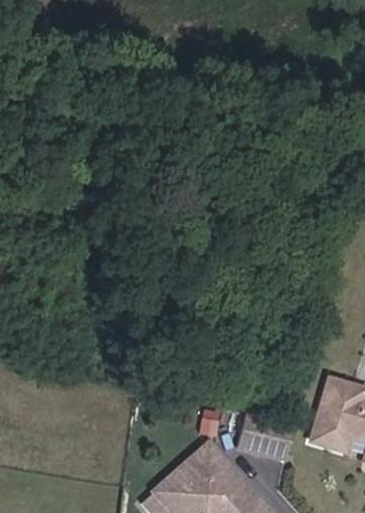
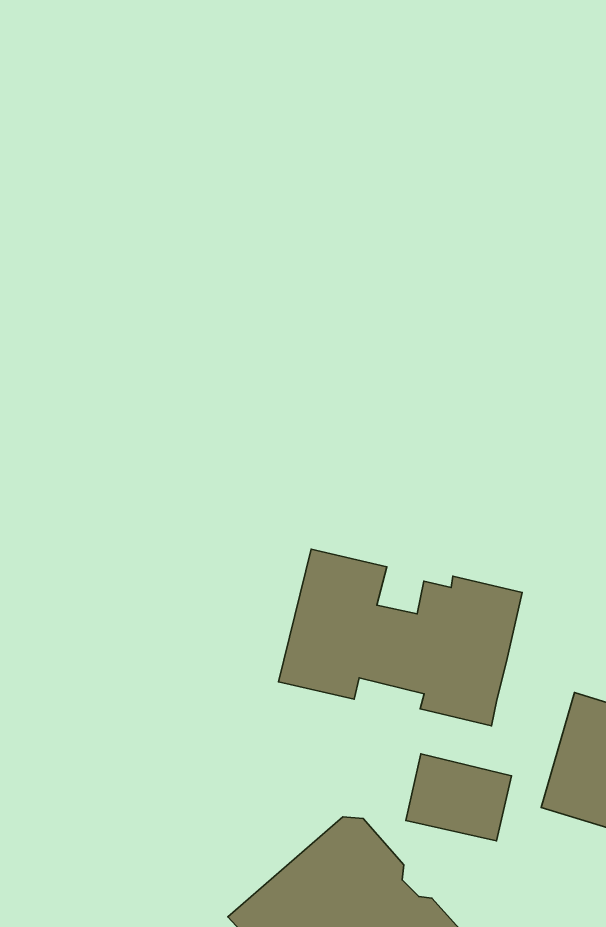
building: none -> [279,549,522,726]

